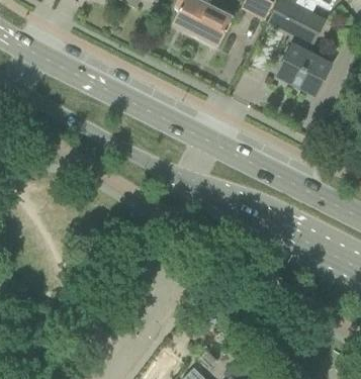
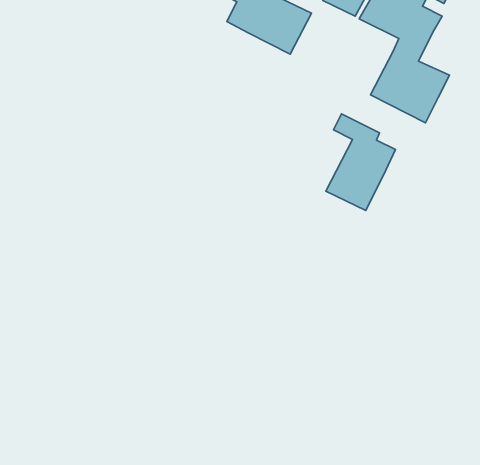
building: none -> [326,114,396,210]

